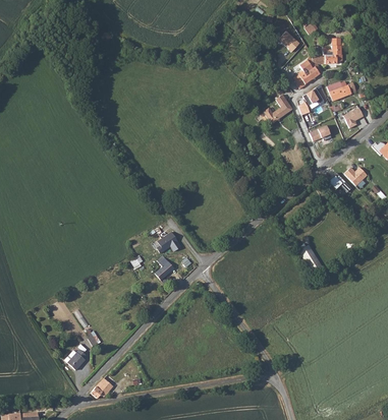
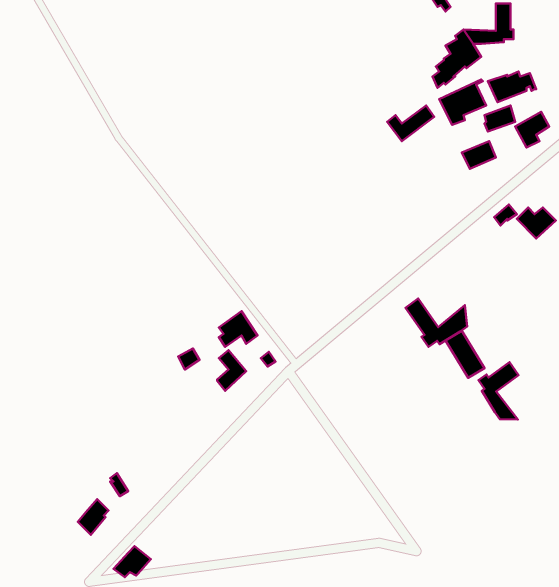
building: none -> [406,299,467,347]
building: none -> [478,362,519,419]

